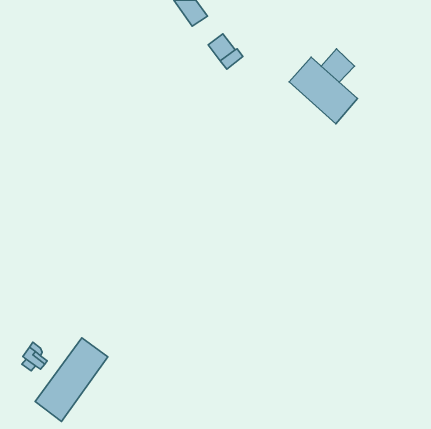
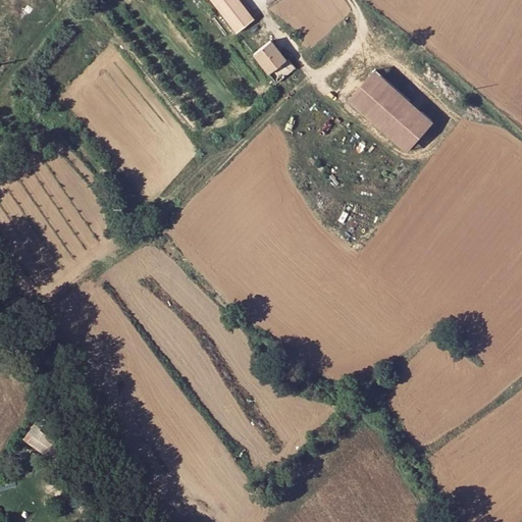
building: [321,49,354,82] -> none
building: [35,338,108,421] -> none

